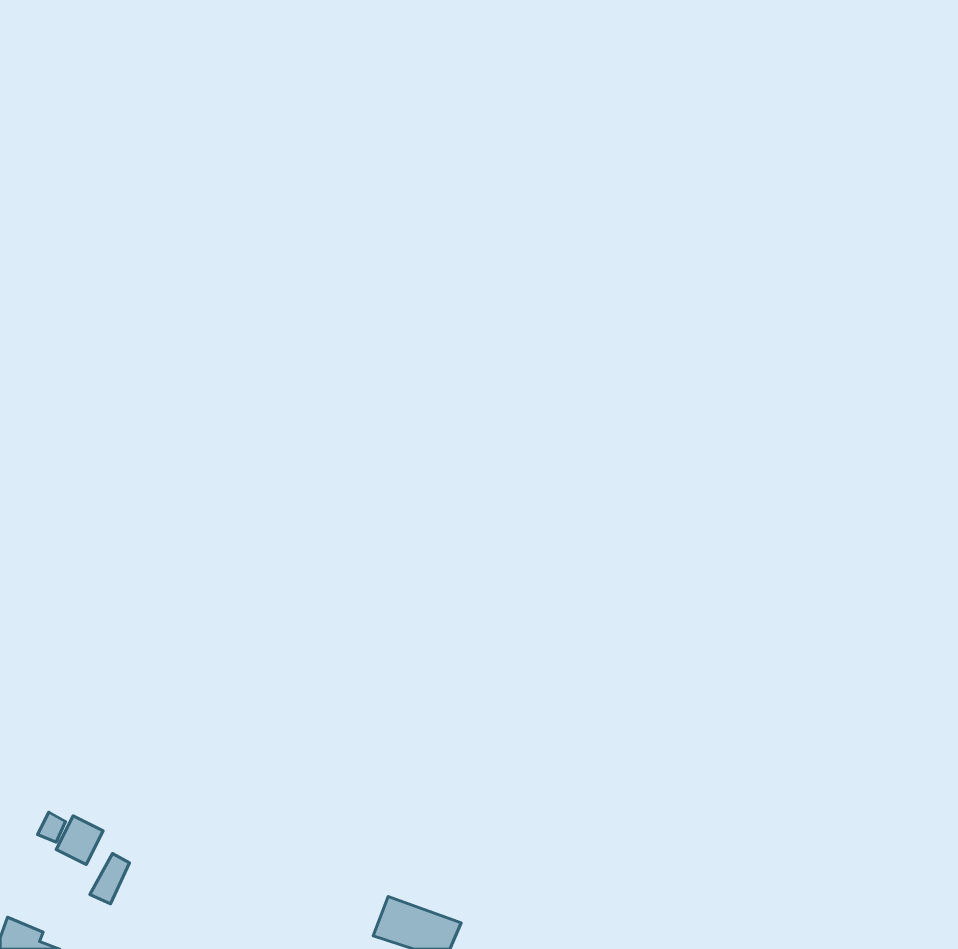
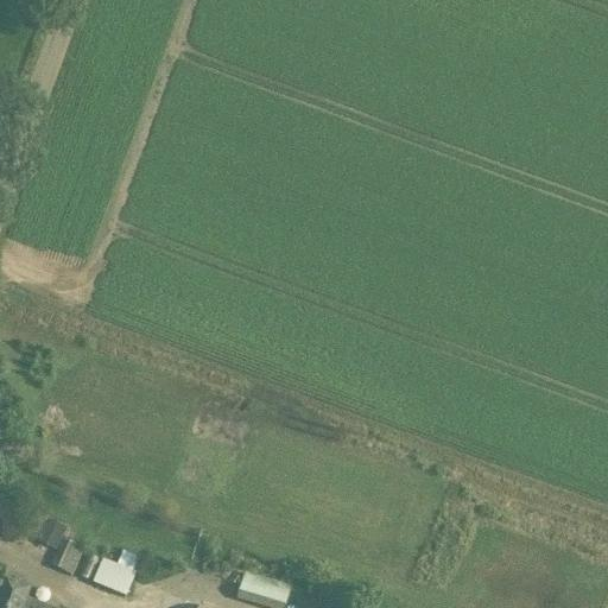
building: none -> [93,557,135,595]

